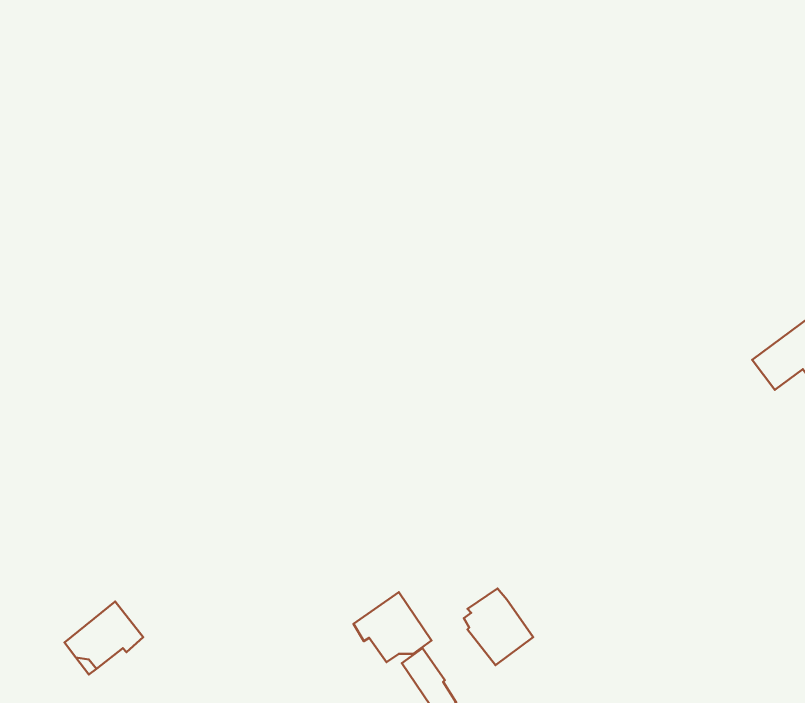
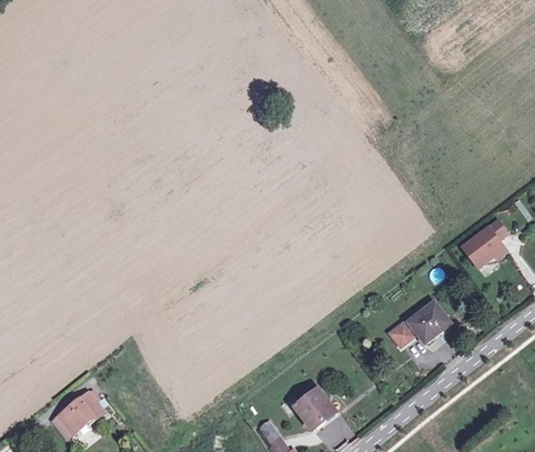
building: none -> [390,303,450,345]
building: [353,592,432,662] -> none

